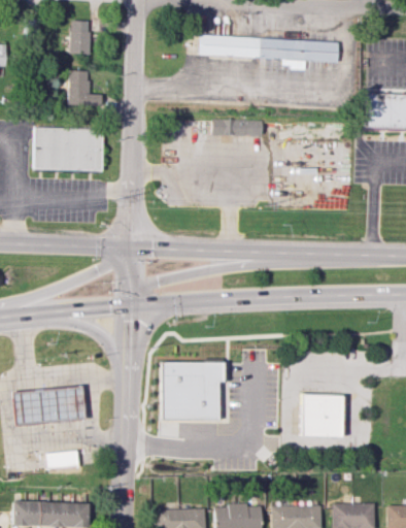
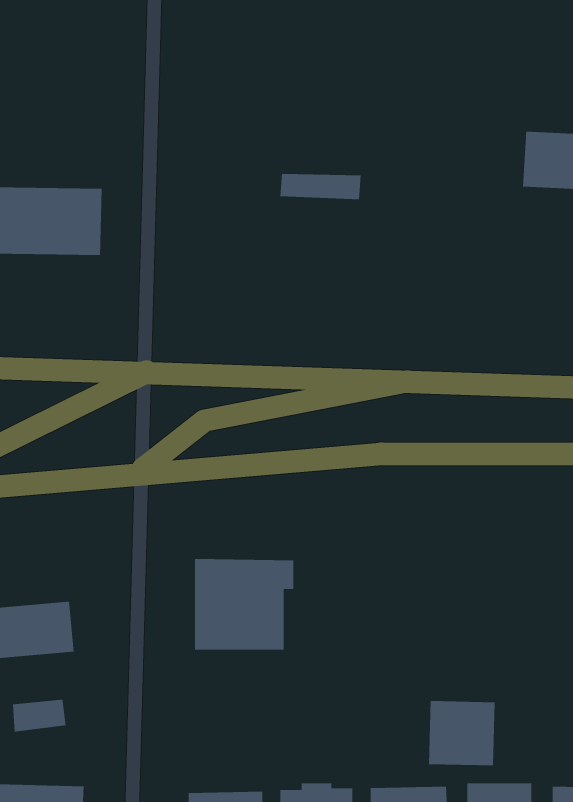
building: [69,20,90,54] -> none
building: [200,35,339,61] -> none
building: [67,69,100,105] -> none
building: [303,397,345,438] -> [428,700,496,766]

